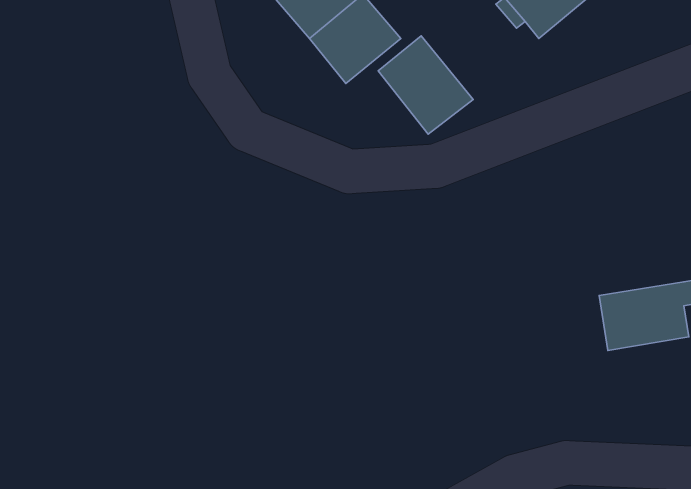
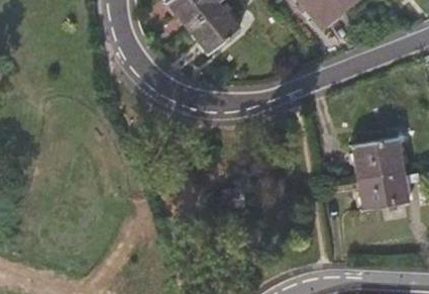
building: [378,36,473,134] -> none
building: none -> [351,136,407,178]

